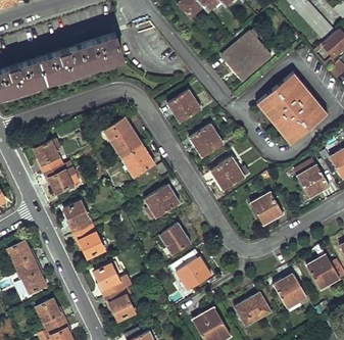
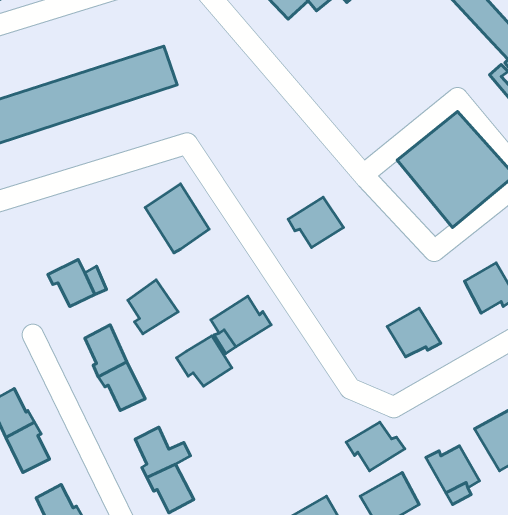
building: [222,34,271,82] -> none
building: [167,90,201,120] -> none
building: [36,140,62,172] -> none
building: [125,144,155,177] -> [128,280,178,334]
building: [211,158,245,188] -> none
building: [157,223,191,253] -> [177,336,232,386]
building: [177,257,212,287] -> [346,422,405,471]

